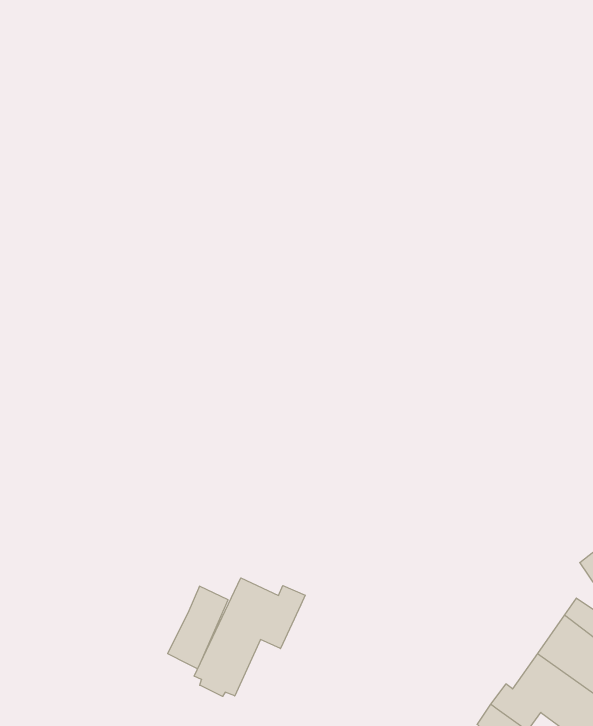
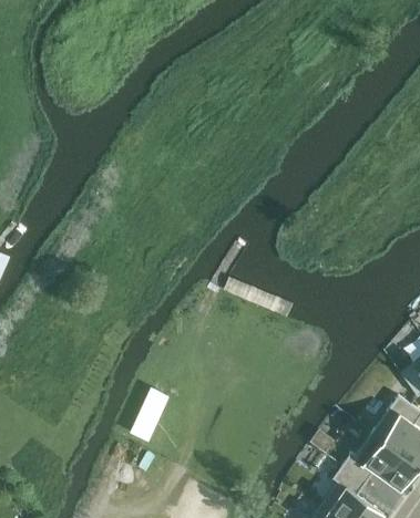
building: [194,578,305,696] -> none

